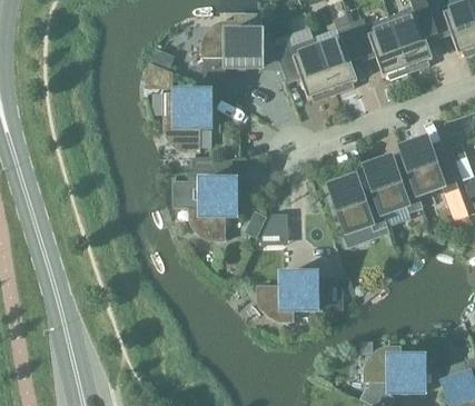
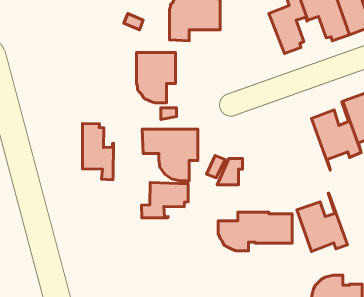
building: [275,38,335,99] -> none
building: [329,166,387,232] -> [297,193,347,252]
building: none -> [82,123,113,180]
building: none -> [142,183,188,218]

